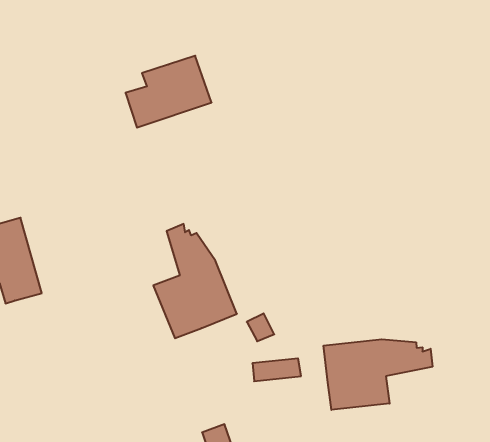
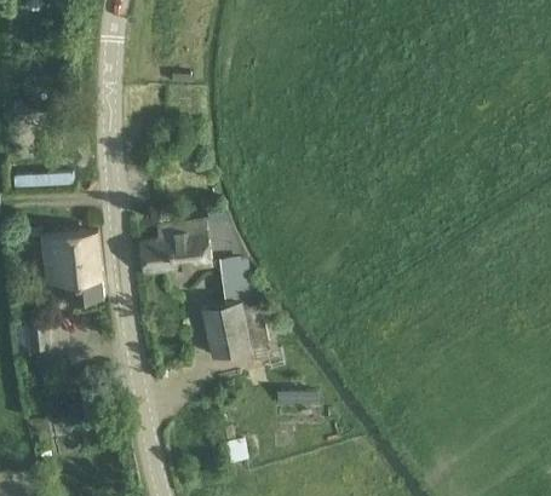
building: [125,56,212,128] -> [139,219,212,272]
building: [324,339,432,410] -> none

